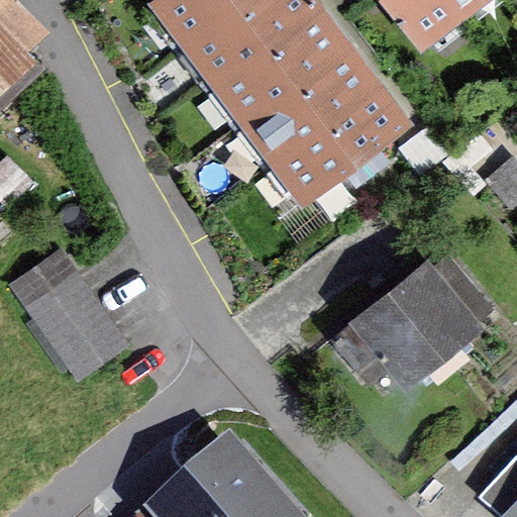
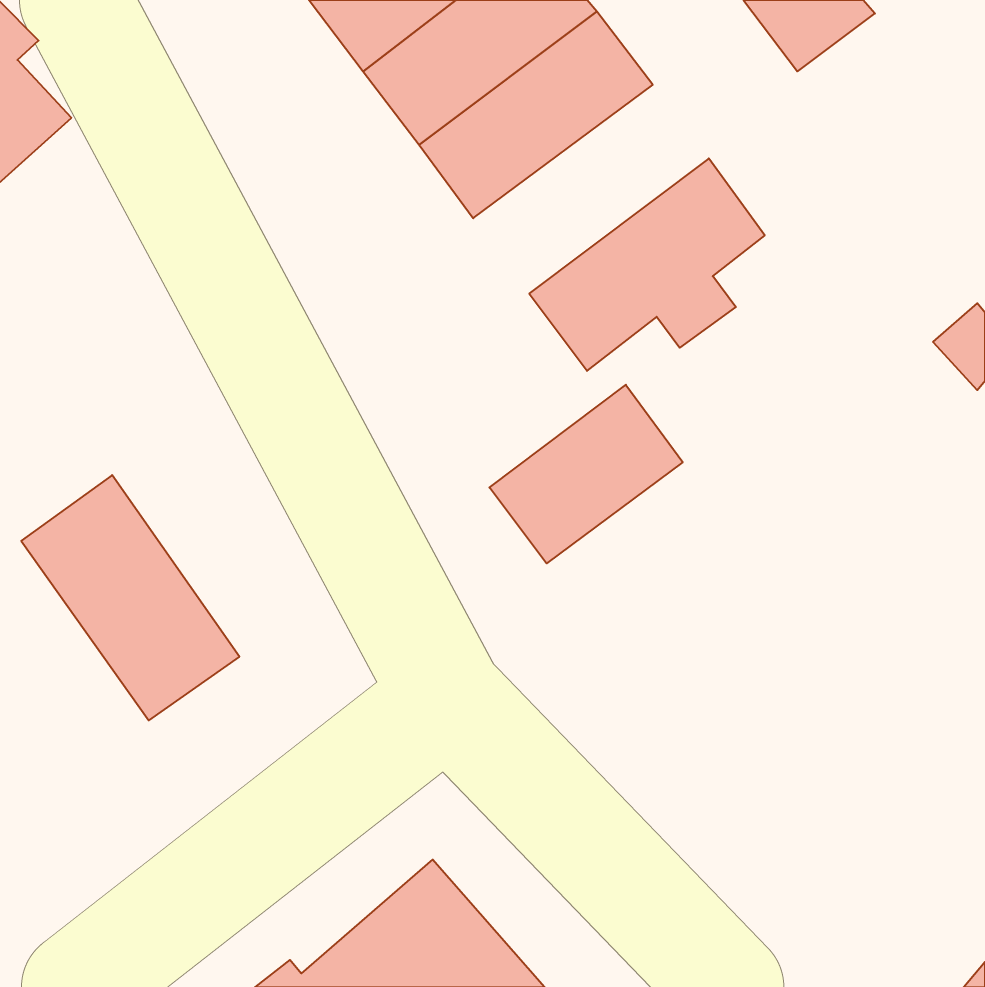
building: [247,44,371,153] -> none
building: none -> [489,385,683,563]
building: [356,264,475,380] -> none

